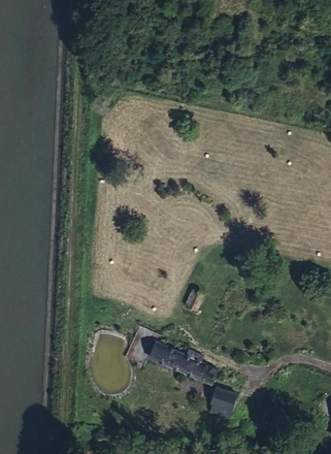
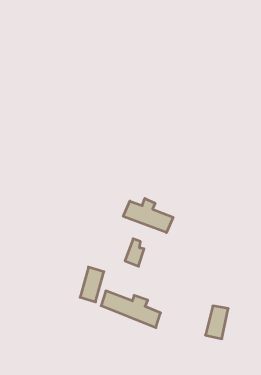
building: none -> [123,198,173,233]
building: [211,385,237,422] -> [205,306,228,339]

